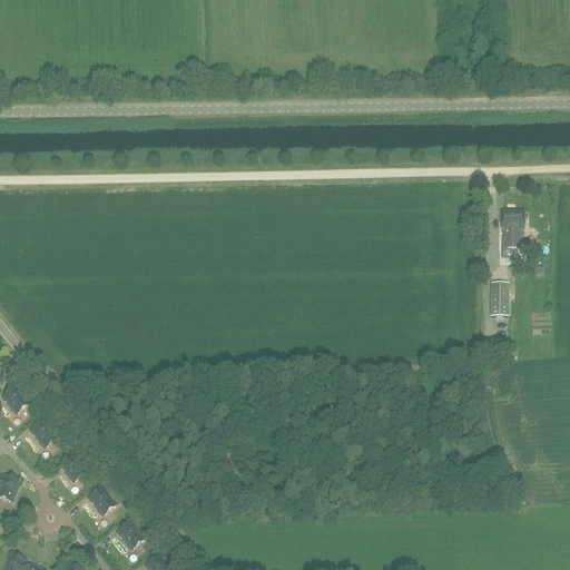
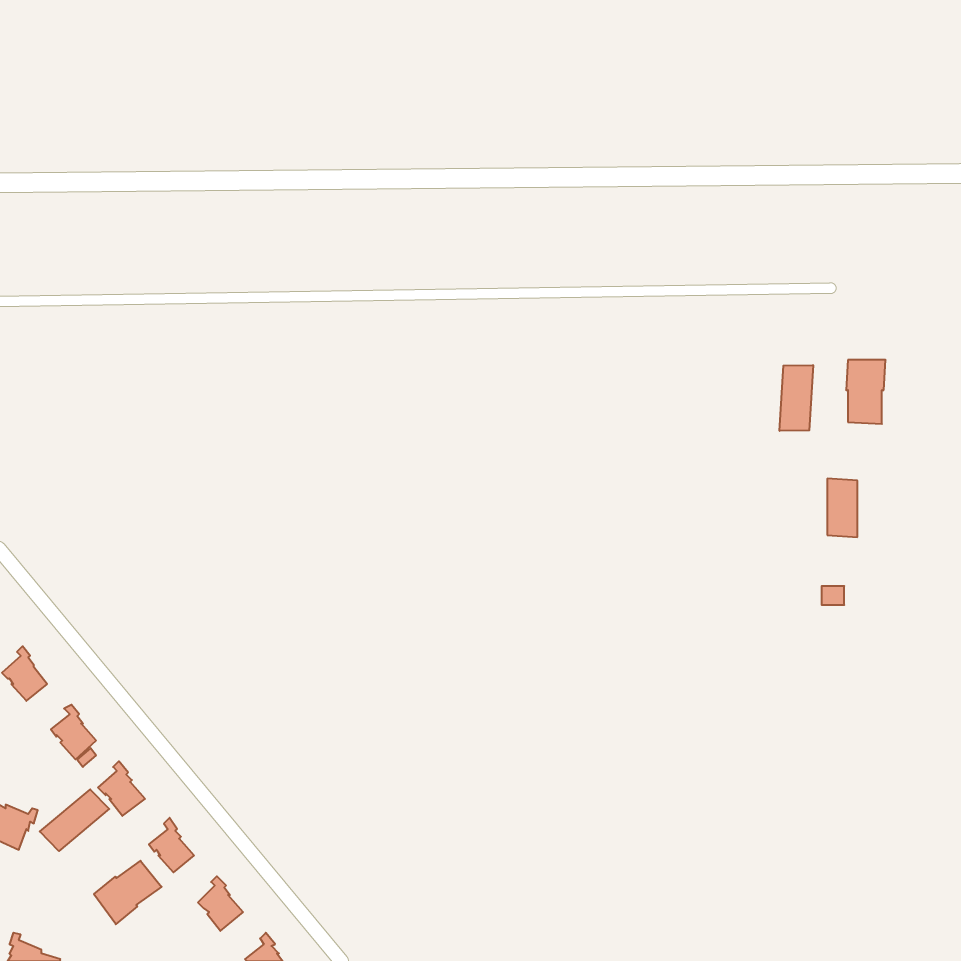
building: none -> [780,365,813,431]
building: none -> [40,789,109,851]
building: none -> [94,861,162,924]

